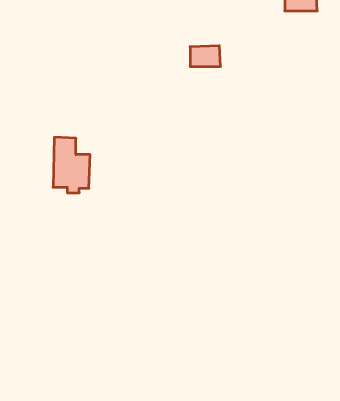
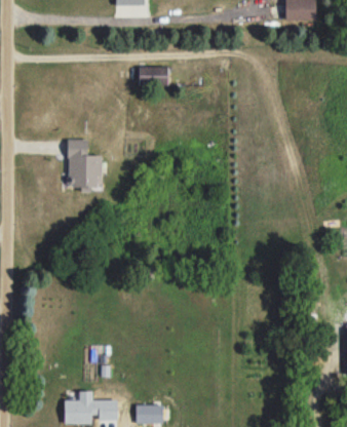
building: [190,46,221,66] -> [140,66,168,85]

